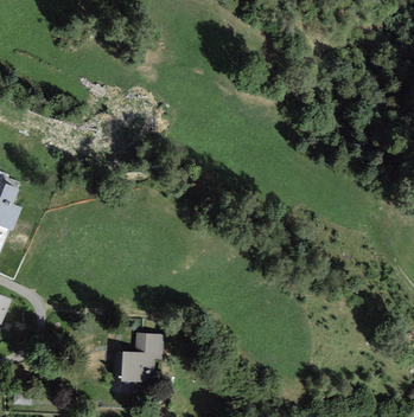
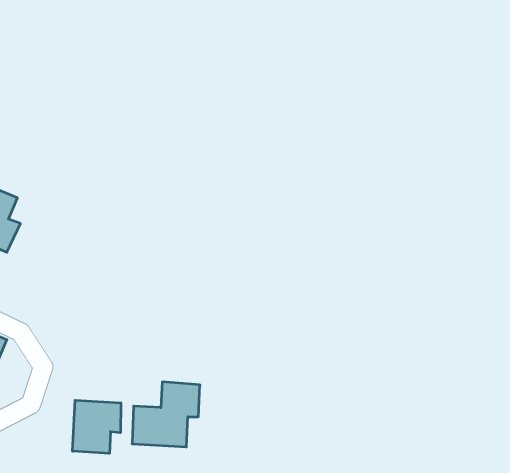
building: none -> [73,400,121,453]

